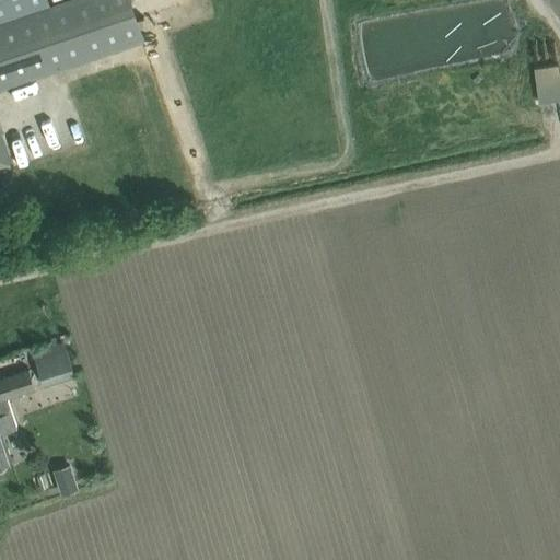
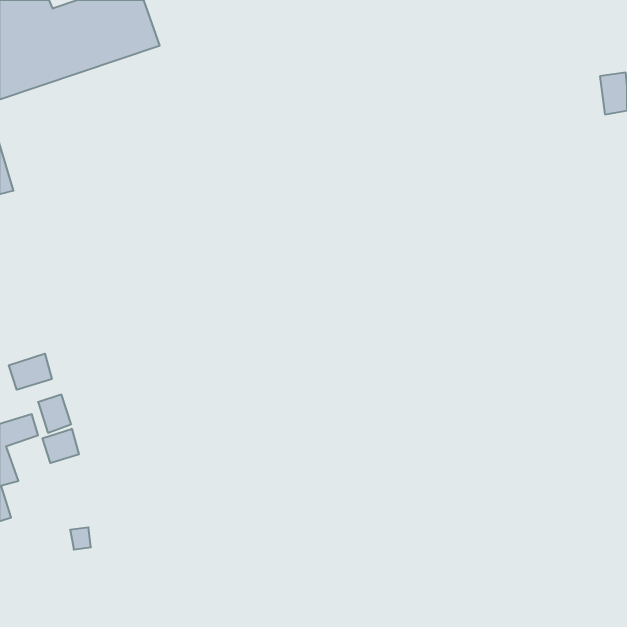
building: none -> [9,354,52,390]
building: none -> [42,429,79,463]

